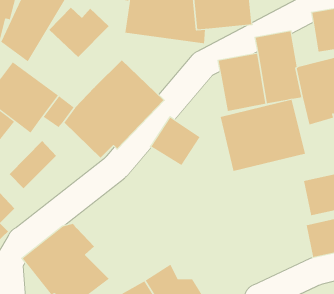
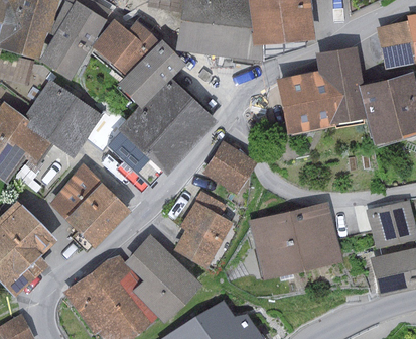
building: none -> [117,39,185,108]
building: [220,99,306,171] -> [249,202,342,280]
building: none -> [64,183,130,247]
building: none -> [174,191,233,269]
building: none -> [123,234,202,323]

